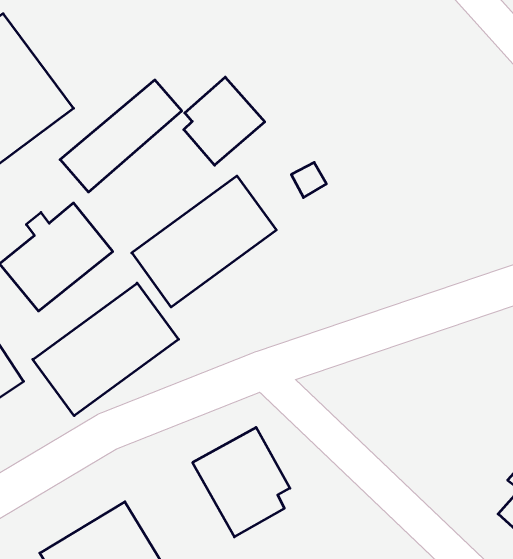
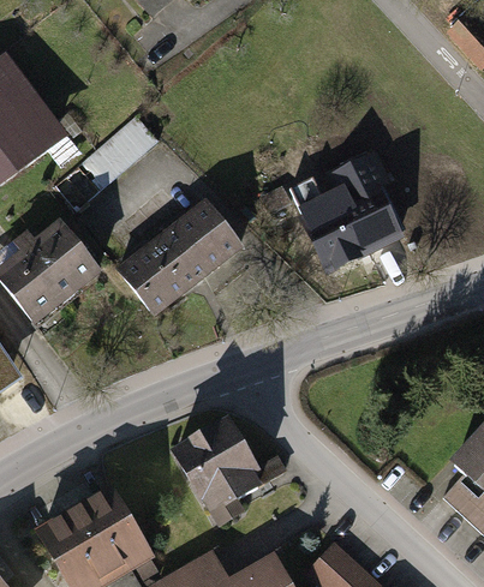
building: [184,77,265,165] -> none
building: none -> [294,160,407,272]
building: [33,283,179,416] -> none

